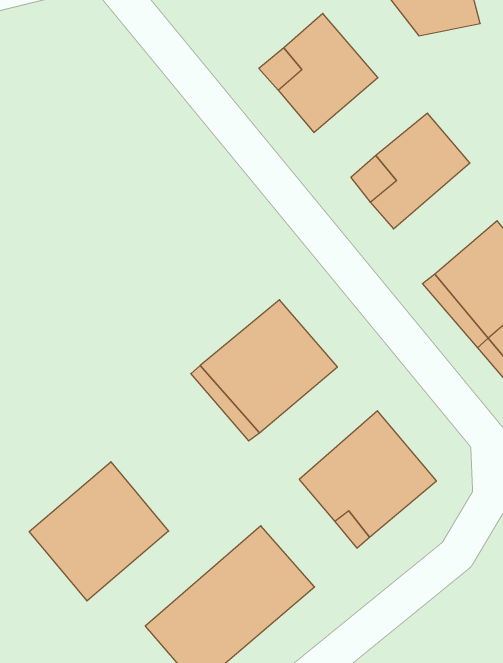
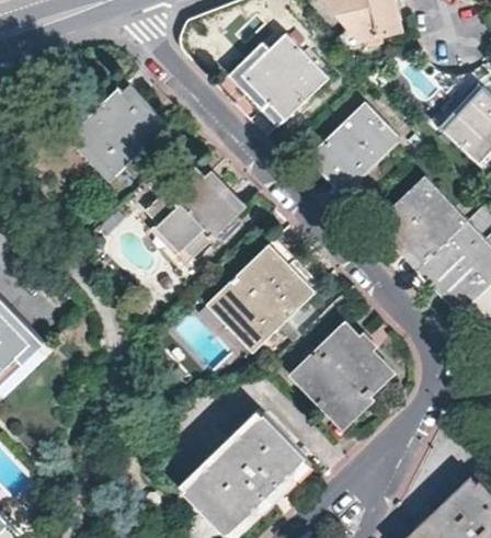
building: none -> [72,80,168,175]
building: none -> [146,165,239,259]
building: [29,462,169,601] -> none

